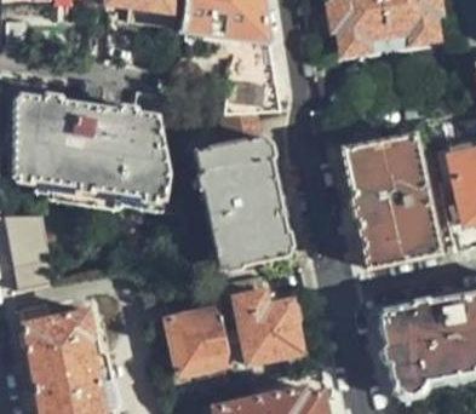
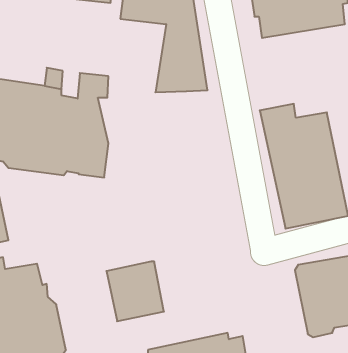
building: [195,113,291,271] -> none
building: [213,276,302,363] -> none

